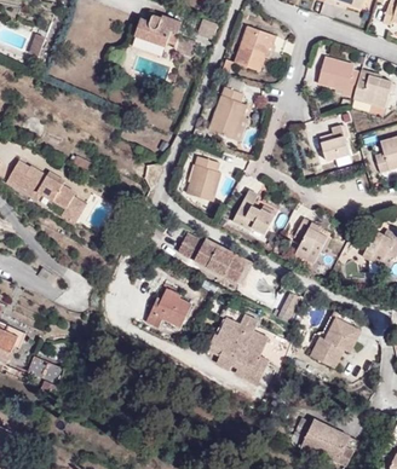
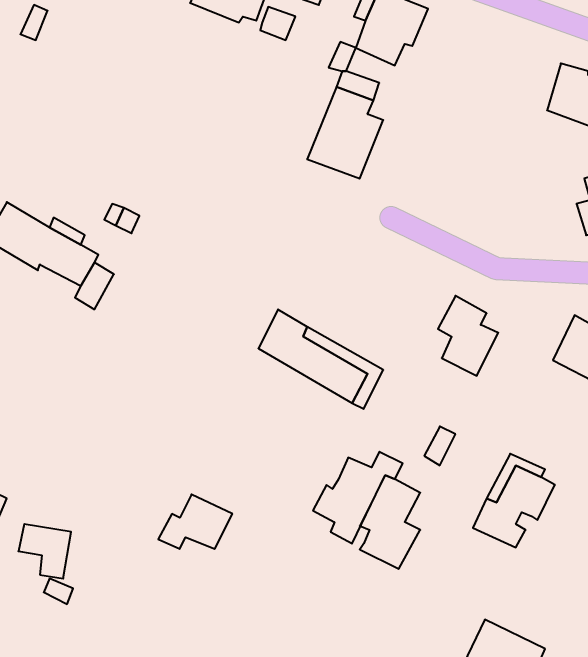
building: [316,56,363,99] -> none
building: [317,123,351,162] -> none
building: [188,155,223,199] -> none
building: [229,193,277,230] -> none
building: [145,290,191,324] -> [158,494,232,549]

